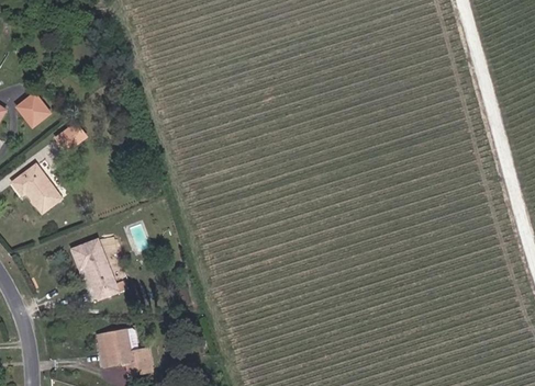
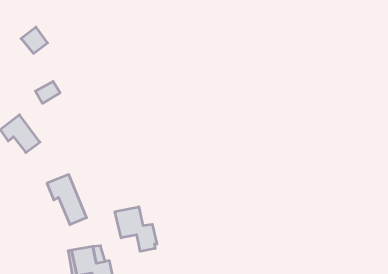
building: [18,94,51,127] -> [21,27,48,53]
building: none -> [115,207,157,251]

